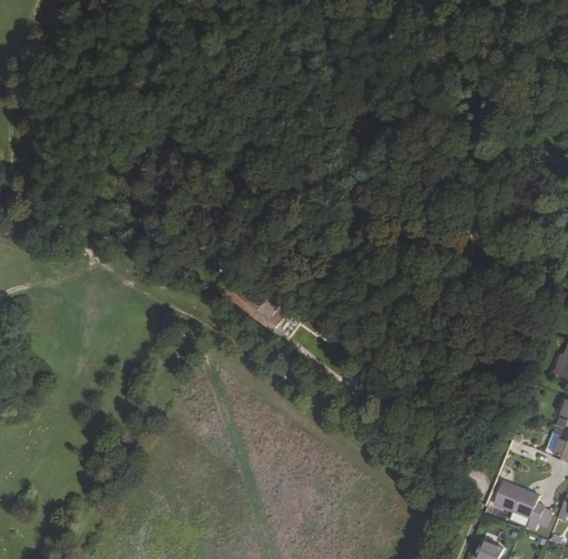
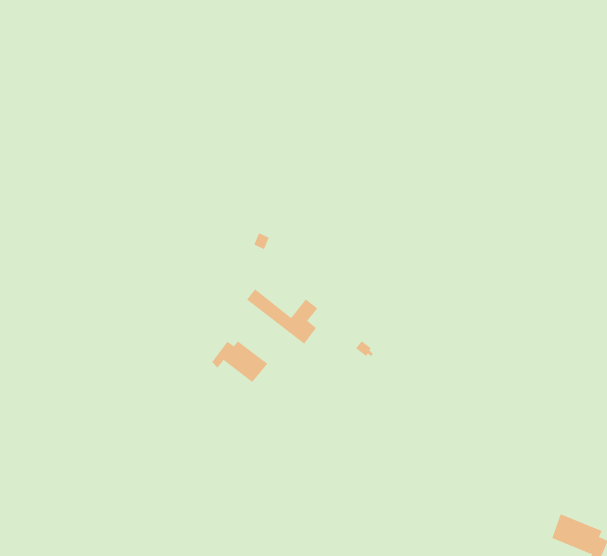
building: none -> [211,340,268,383]

